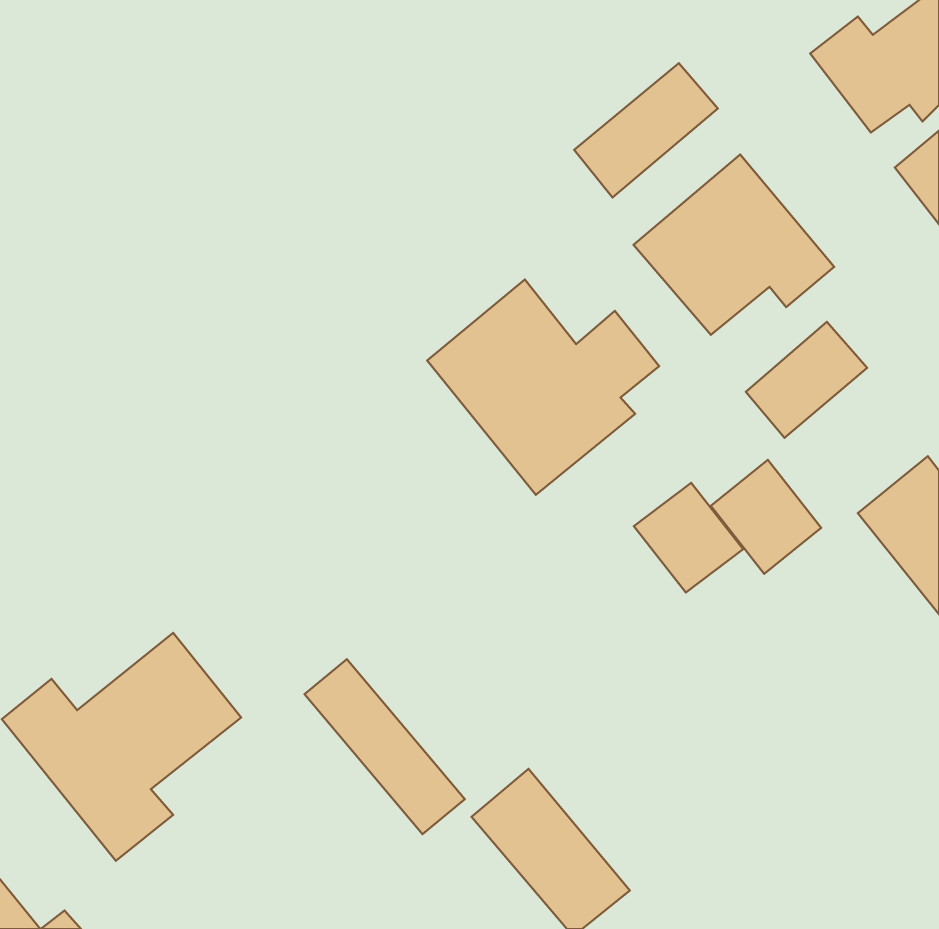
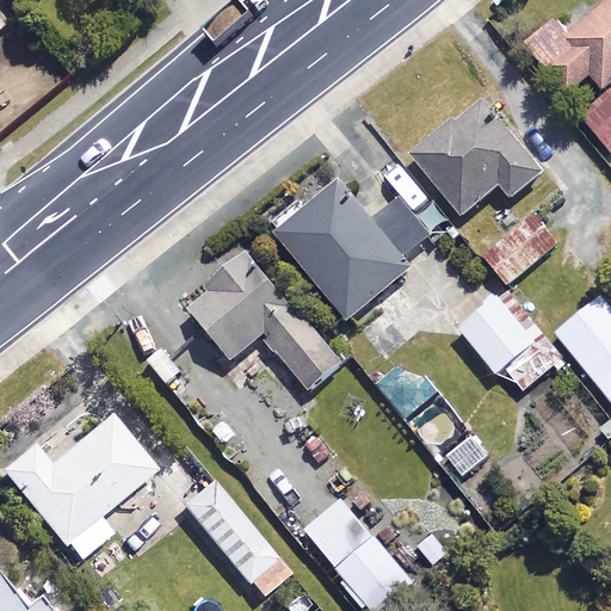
building: [574,63,718,198] -> none
building: none -> [186,257,342,390]
building: [634,483,743,593] -> none
building: [305,659,465,834] -> [184,479,288,592]

